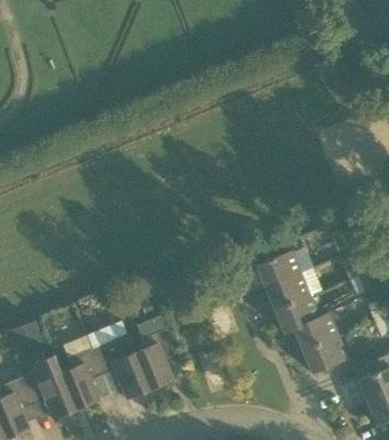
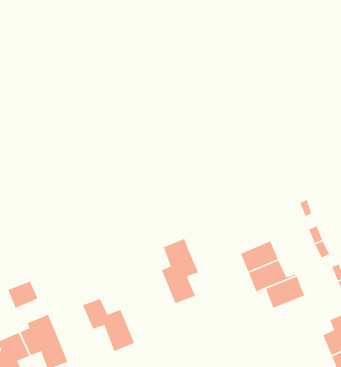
building: [257,251,302,290] -> none
building: [136,315,178,389] -> [161,238,199,304]
building: [304,336,350,373] -> none
building: [62,346,105,410] -> none

